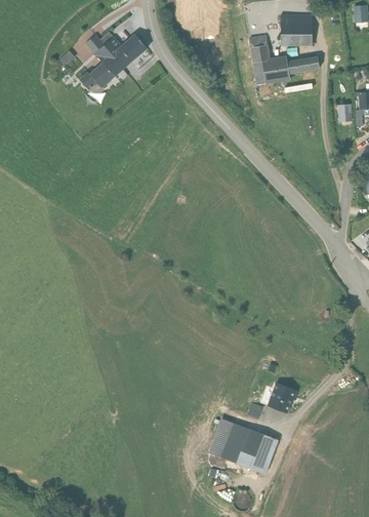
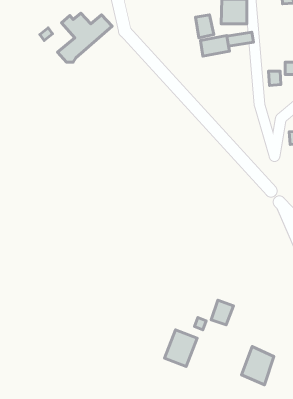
building: [236,433,276,480] -> [241,347,274,385]

